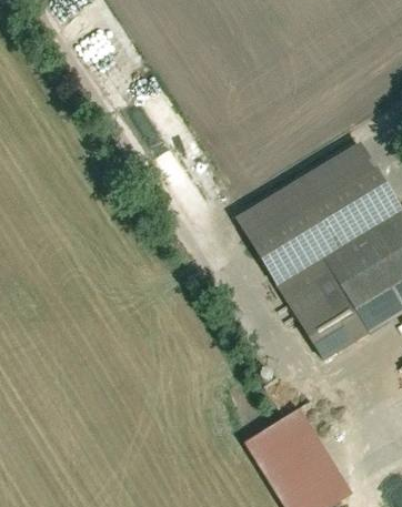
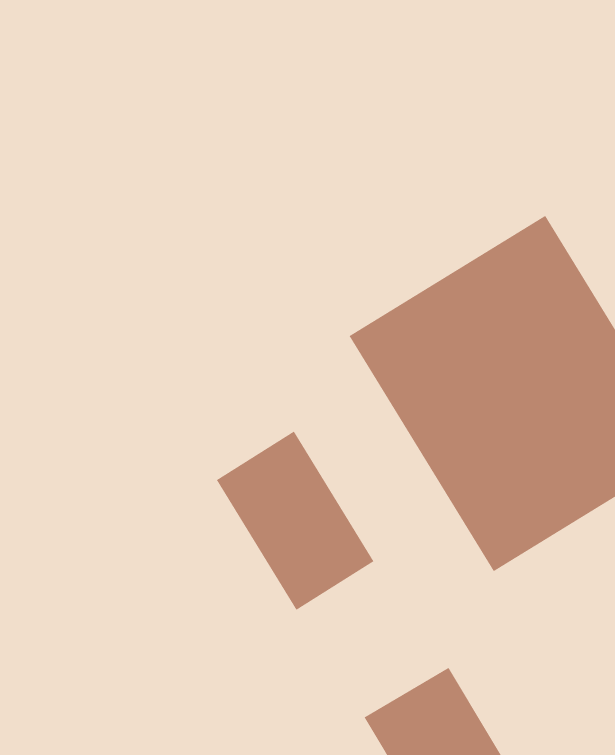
building: none -> [216,431,375,611]

